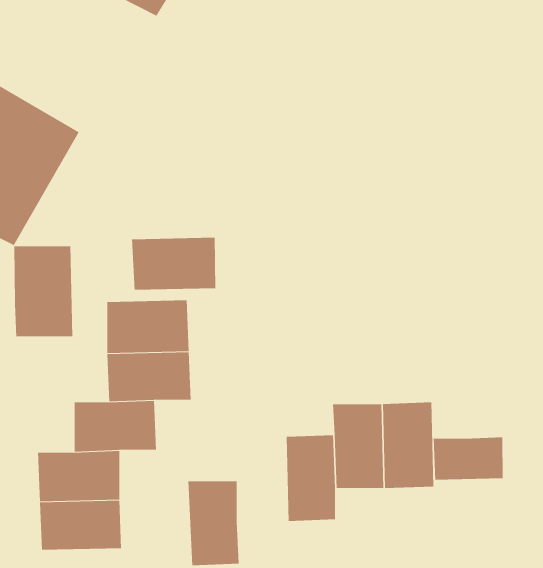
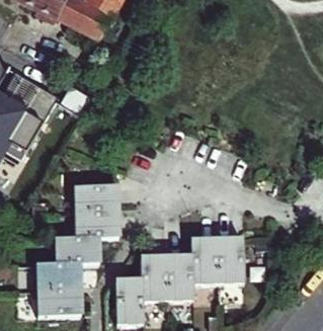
building: [132,237,216,291] -> none
building: [14,245,73,337] -> none
building: [433,436,503,480] -> none
building: none -> [141,257,168,302]

